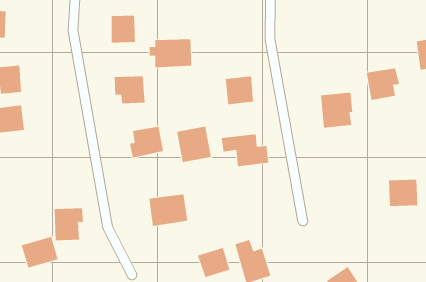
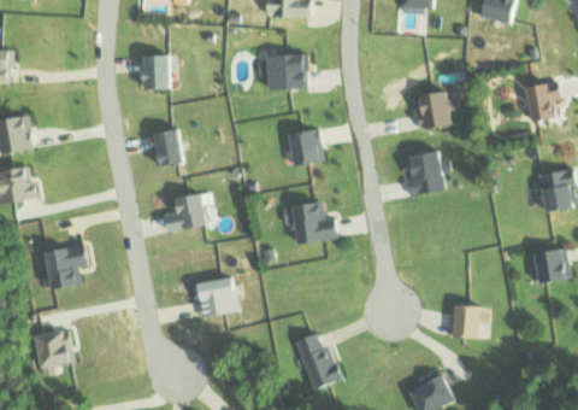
building: [149,39,192,68] -> [256,53,311,89]
building: [366,68,400,101] -> [411,90,453,131]
building: [176,126,211,163] -> none
building: [388,179,418,206] -> [447,304,484,338]
building: [54,208,84,241] -> [51,247,88,288]
building: [197,247,230,278] -> none

